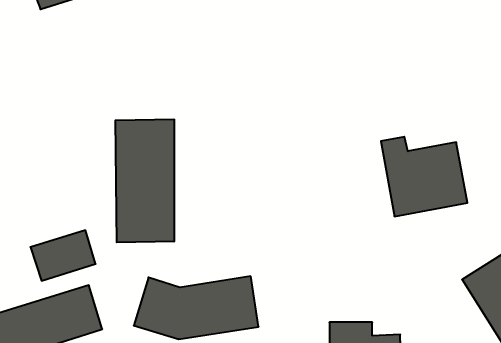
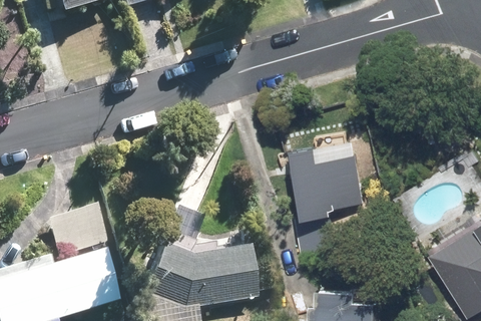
building: [115,119,174,242] -> none
building: [381,137,467,216] -> [288,149,365,221]

